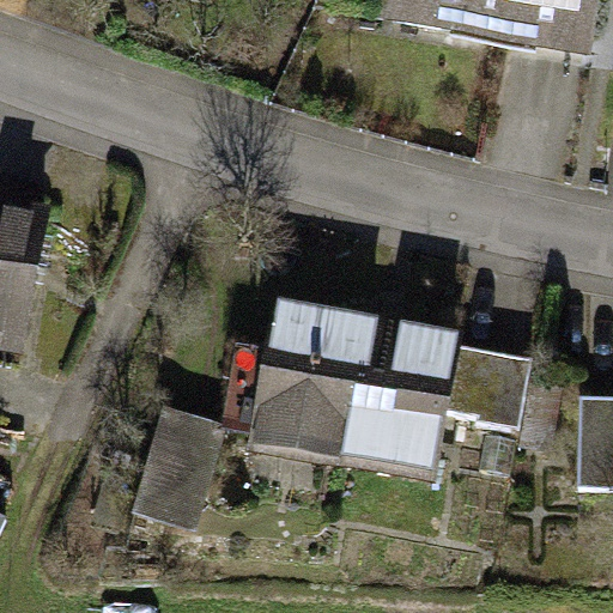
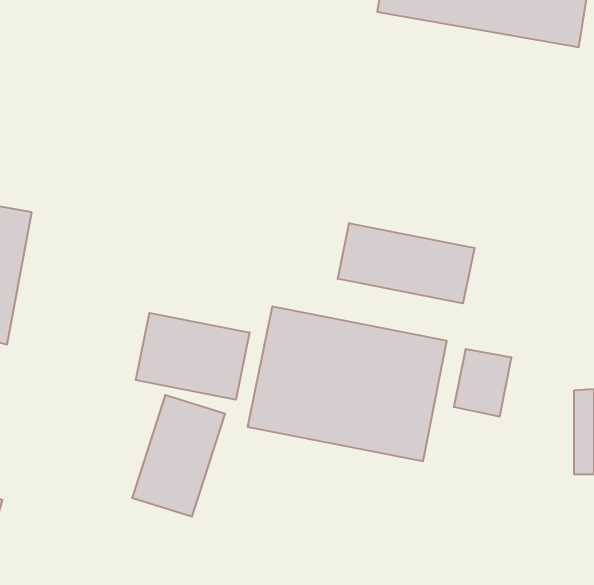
building: none -> [338,223,474,303]
building: none -> [136,313,250,400]

